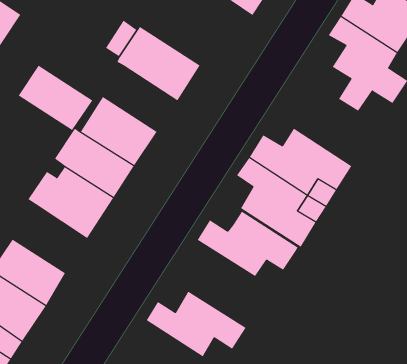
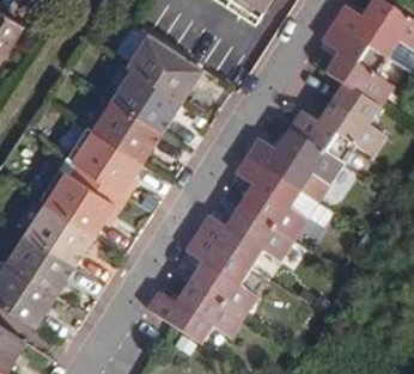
building: [18,65,93,131] -> [109,70,179,133]
building: none -> [288,94,386,165]
building: none -> [24,201,95,265]
building: none -> [185,234,257,317]

